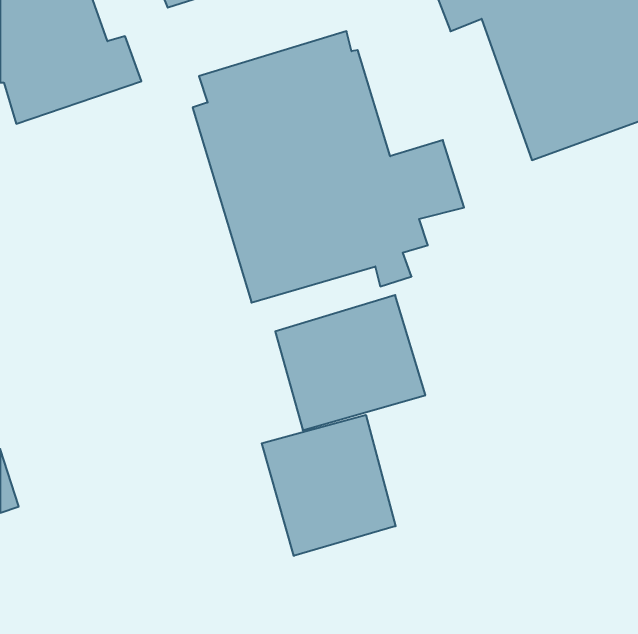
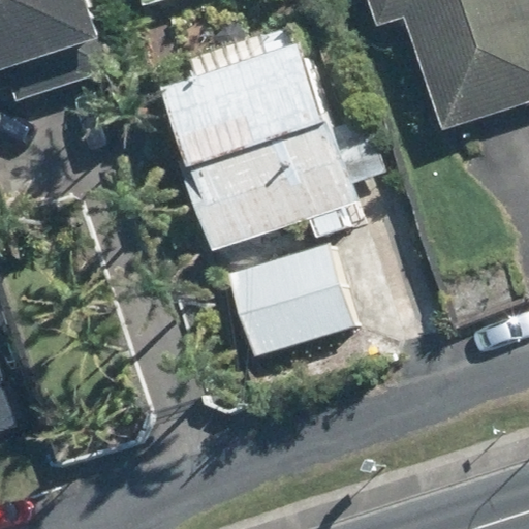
building: [262,415,396,556] -> none

